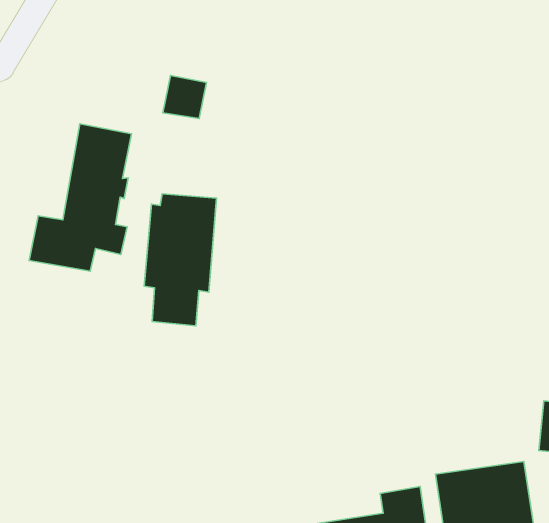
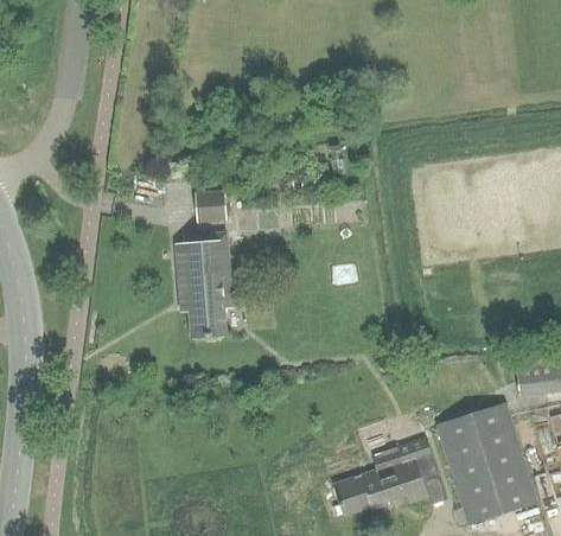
building: [163,75,206,119] -> [193,189,224,219]
building: [29,124,132,271] -> none

